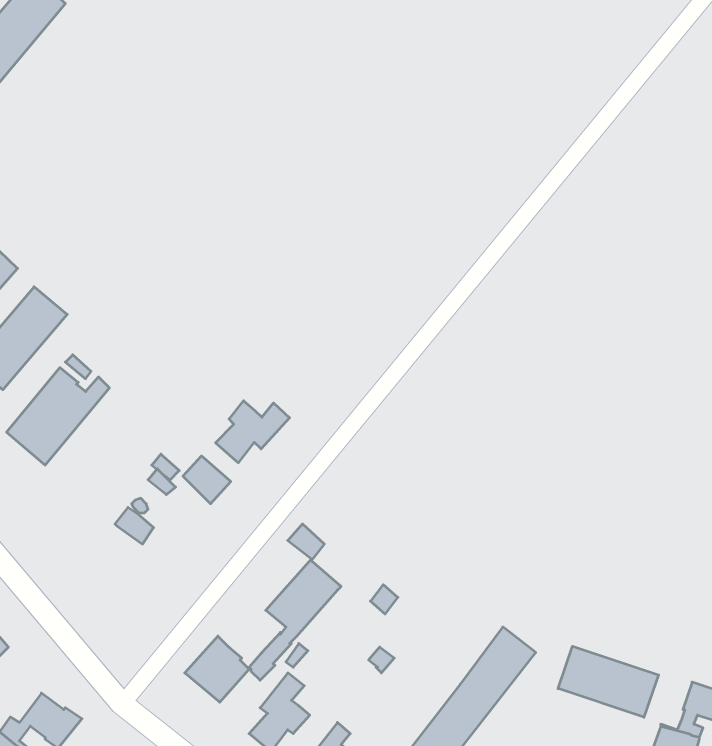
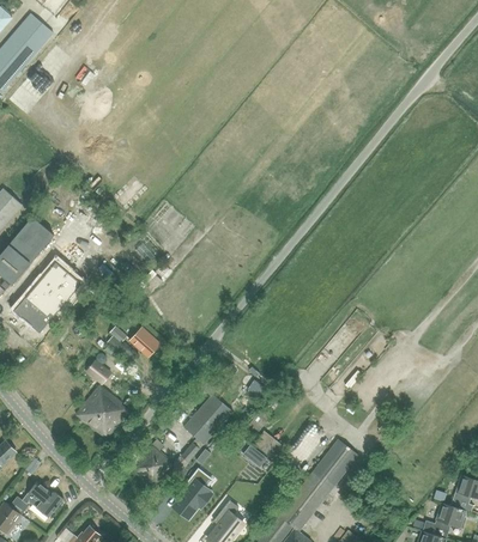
building: [216,401,290,463] -> none
building: none -> [77,385,128,438]
building: [558,646,659,717] -> none

